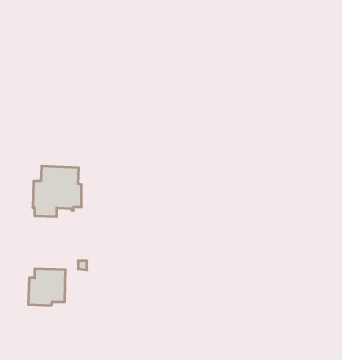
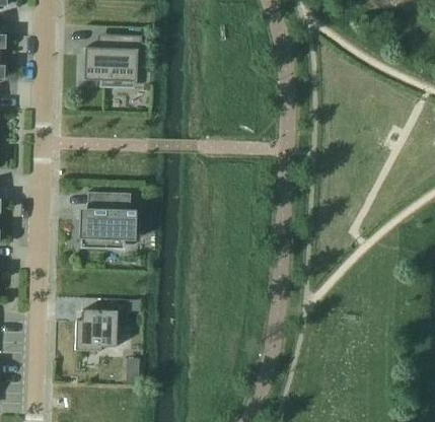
building: none -> [86,34,144,88]

